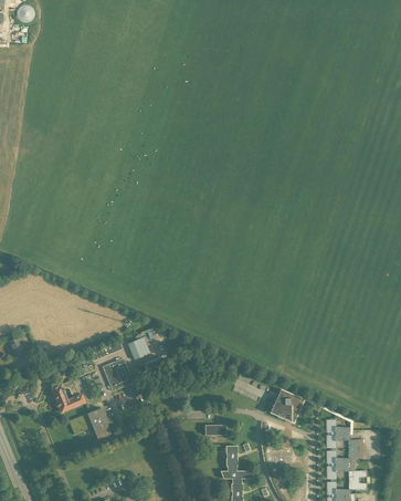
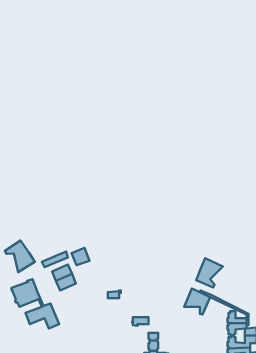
building: none -> [5,241,35,272]
building: none -> [196,258,223,287]

